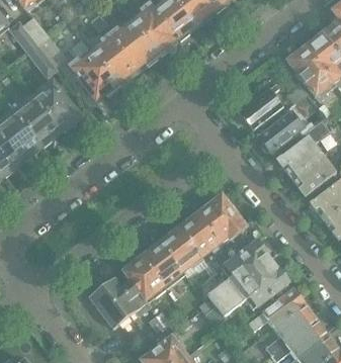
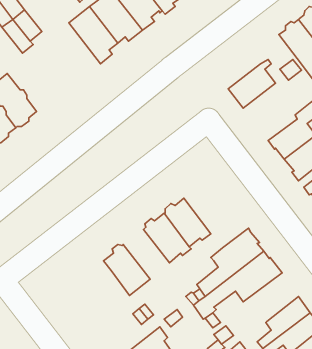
building: [68,49,118,99] -> none
building: [31,80,79,131] -> none
building: [257,109,306,153] -> none
building: [196,194,246,246] -> none
building: [140,242,184,288] -> none
building: [87,276,149,329] -> none
building: [248,287,305,330] -> none

